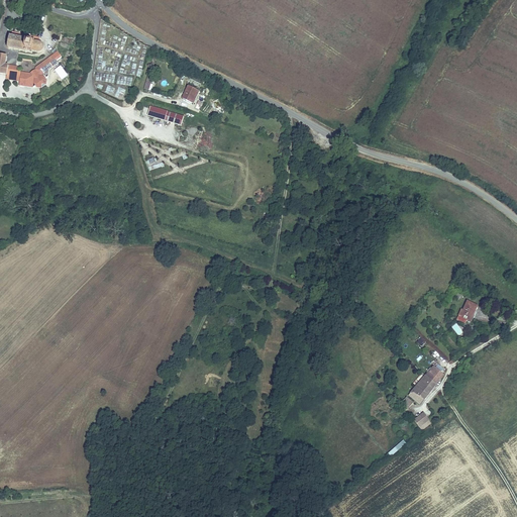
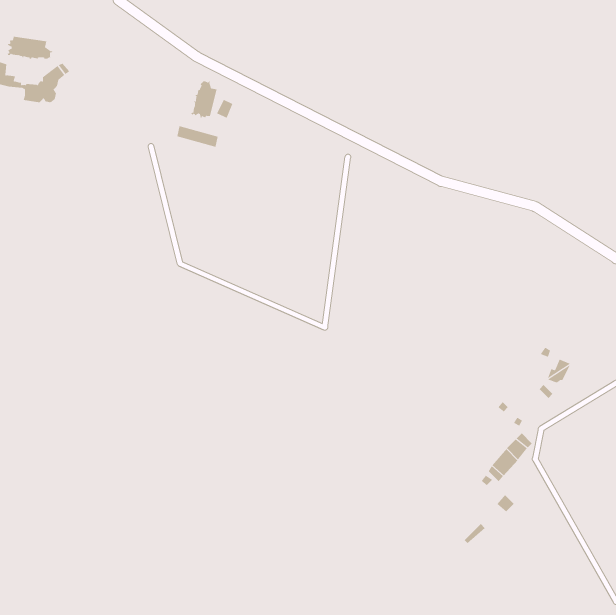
building: none -> [191,79,217,119]

